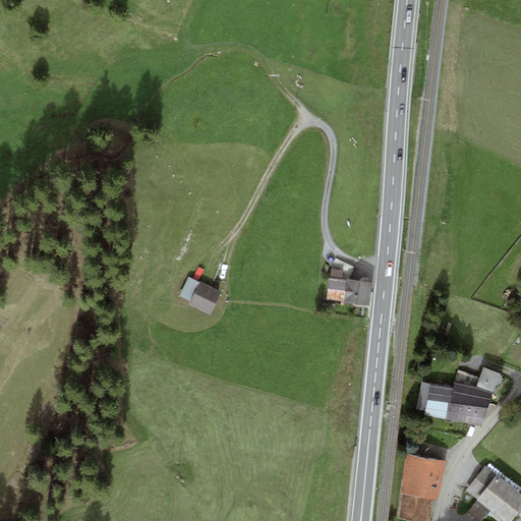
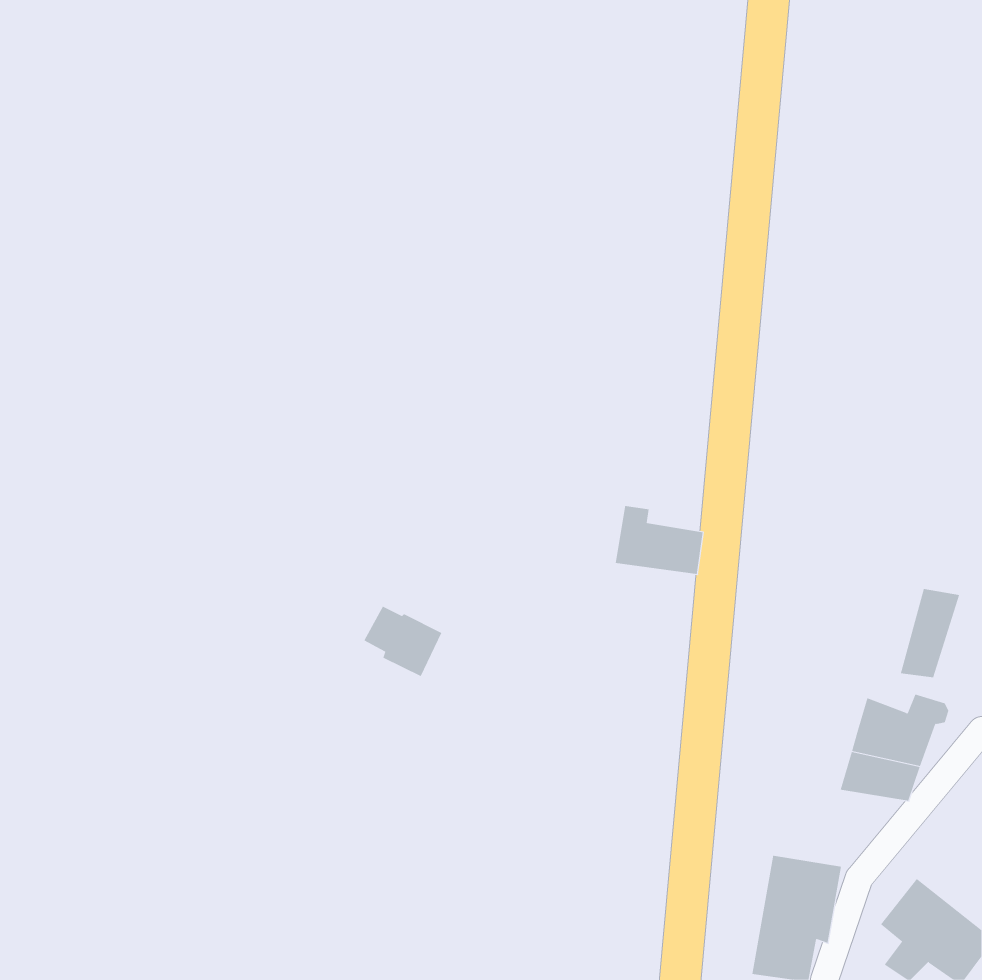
building: [179,276,221,313] -> [363,606,442,677]
building: none -> [900,588,960,678]
building: [416,382,454,418] -> none

